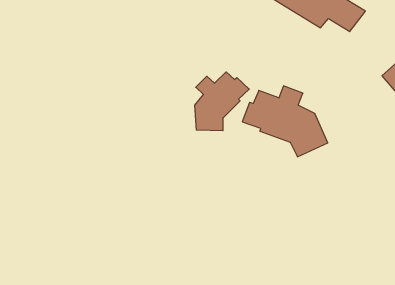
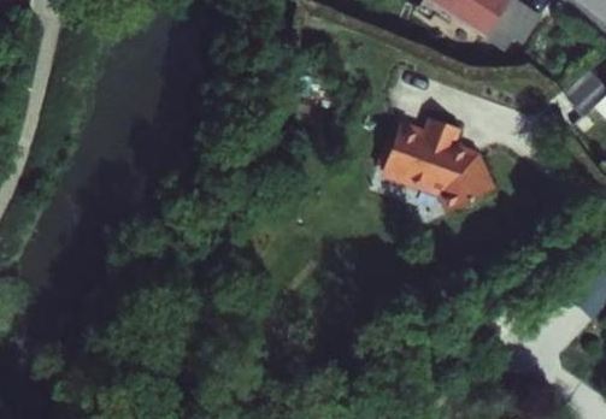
building: [195,72,249,131] -> none

